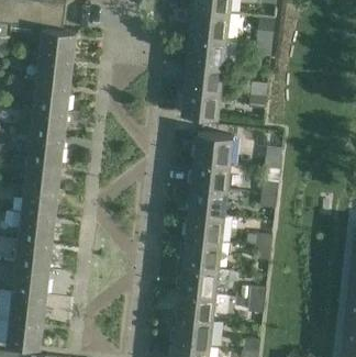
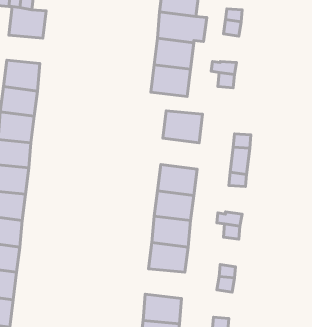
building: [36,57,73,86] -> none
building: [190,160,229,191] -> none
building: [175,291,214,321] -> none

